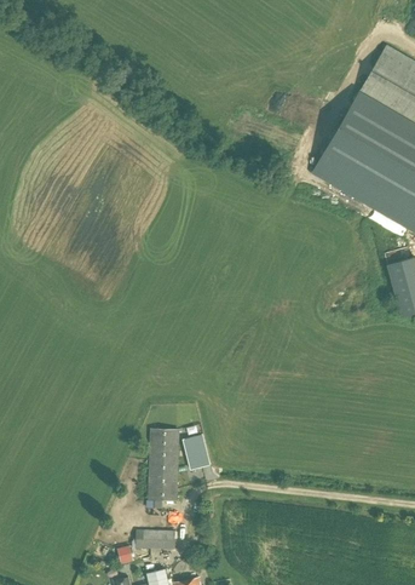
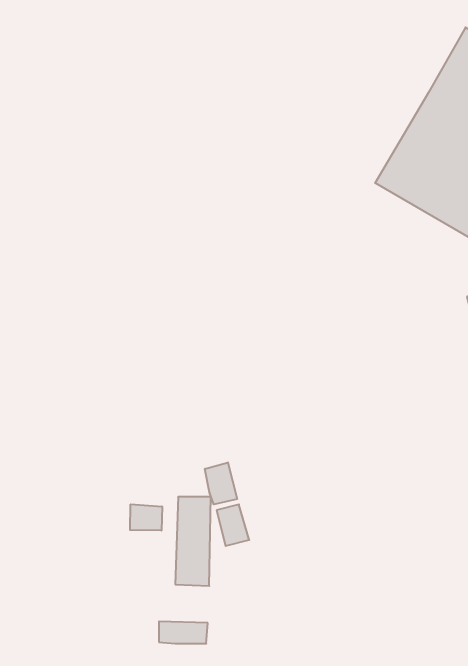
building: none -> [205,462,237,504]
building: none -> [130,504,162,531]

